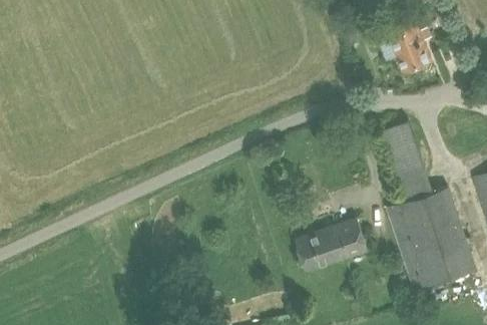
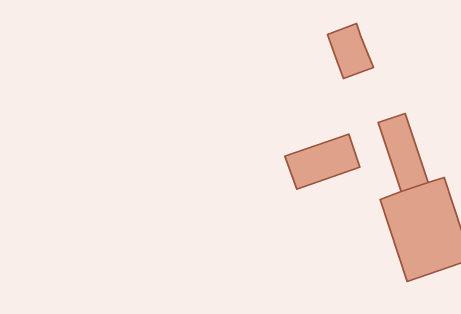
building: [386,20,432,75] -> [328,24,374,79]
building: [293,219,368,274] -> [285,134,360,189]

